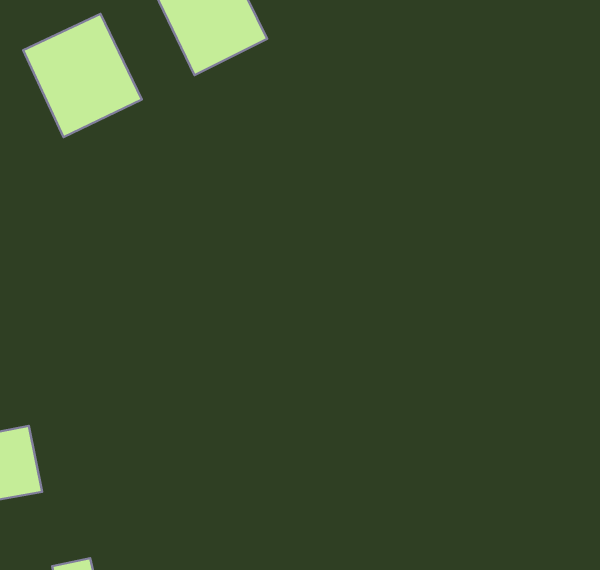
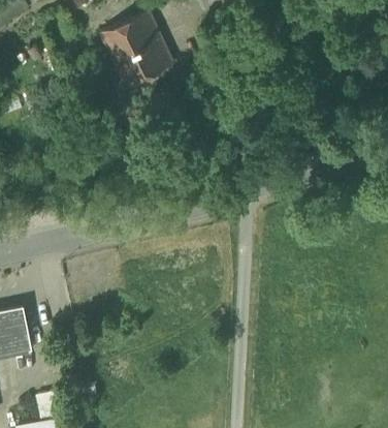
building: [23,14,142,137] -> none

